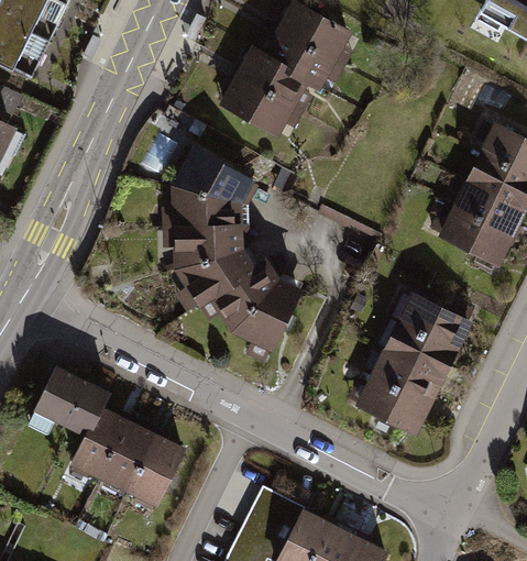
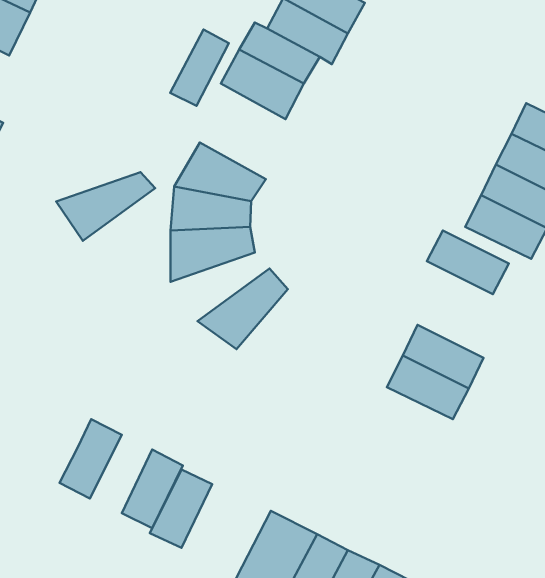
building: none -> [170,30,229,106]
building: [174,256,263,318] -> [56,172,155,241]
building: [233,289,301,363] -> none
building: [396,294,470,351] -> [427,231,509,294]
building: [41,369,109,431] -> none
building: [355,377,428,433] -> none
building: [101,420,157,491] -> [150,470,212,548]

